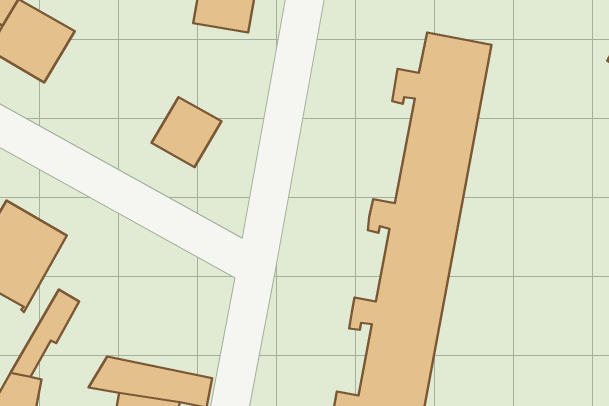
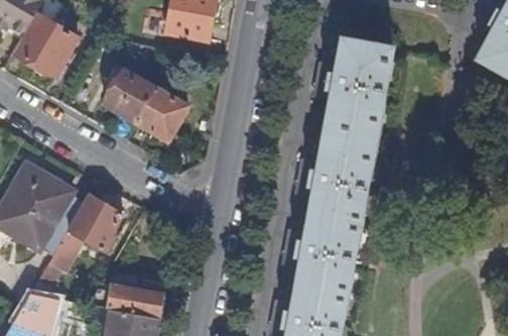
building: none -> [105,63,157,122]
building: none -> [70,196,123,252]

